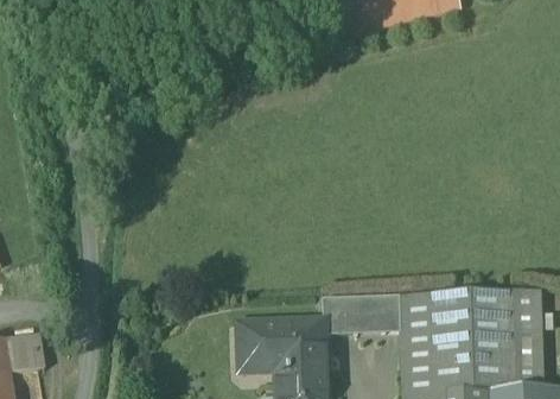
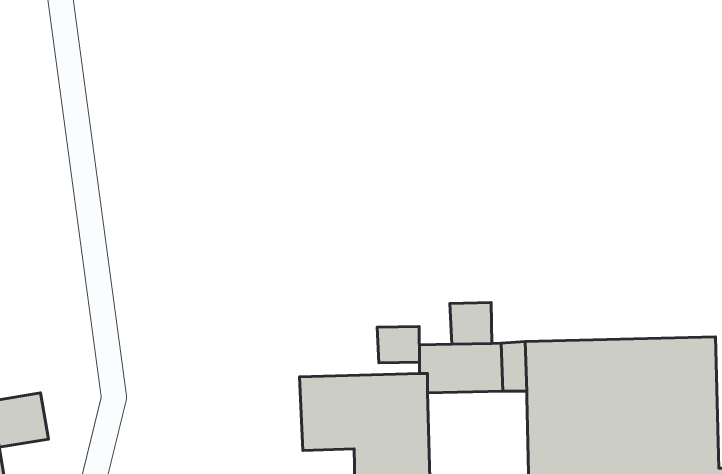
building: none -> [450,302,492,344]
building: none -> [377,326,420,363]

